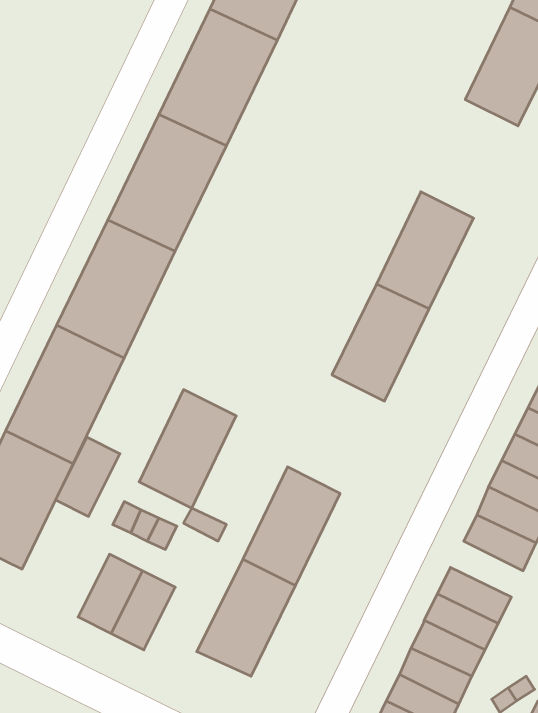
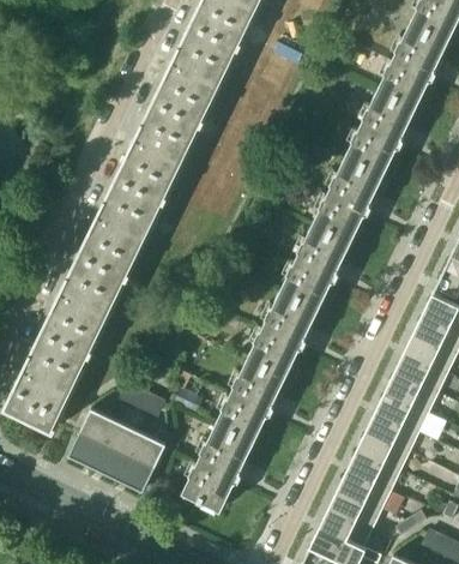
building: none -> [344,89,415,175]
building: [139,390,236,508] -> [247,289,318,376]
building: [56,437,120,516] -> [71,408,117,466]
building: none -> [366,410,418,451]

